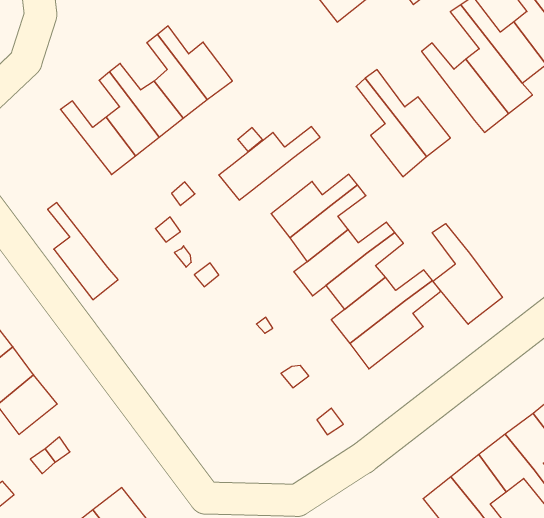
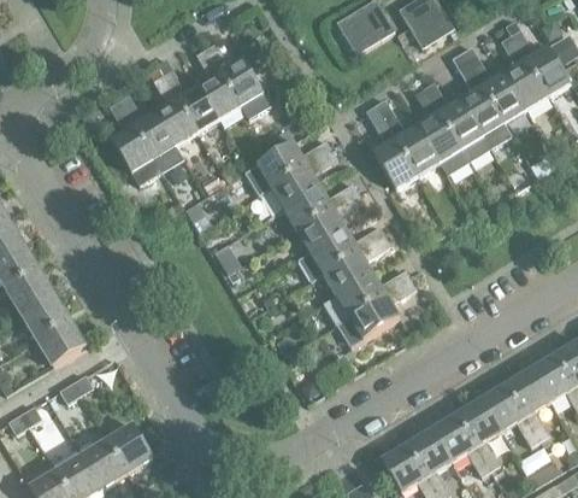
building: none -> [414,87,468,174]
building: none -> [270,148,337,207]
building: [48,203,118,300] -> [110,100,161,184]
building: [432,224,502,324] -> none

